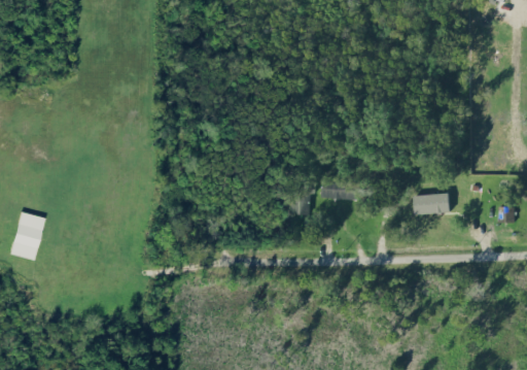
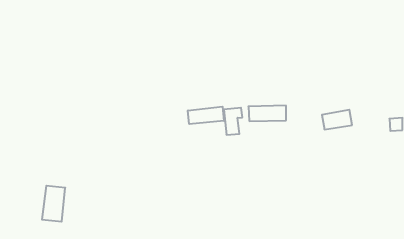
building: none -> [188,107,224,124]
building: [10,213,42,260] -> [42,186,65,222]

